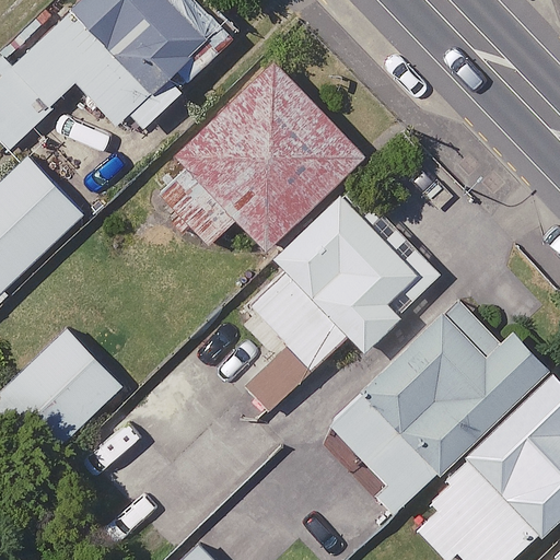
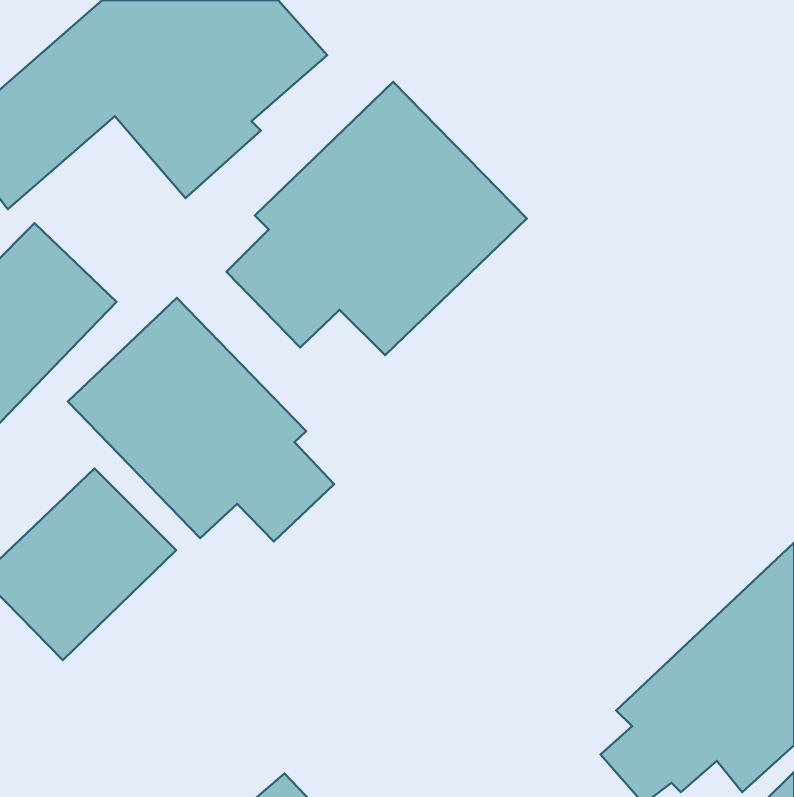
building: [244,182,446,412] -> none
building: none -> [68,298,334,542]
building: [327,288,547,516] -> none

